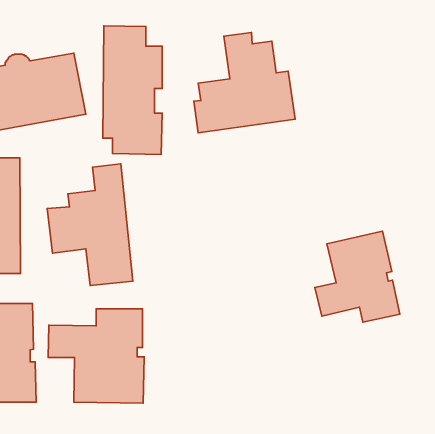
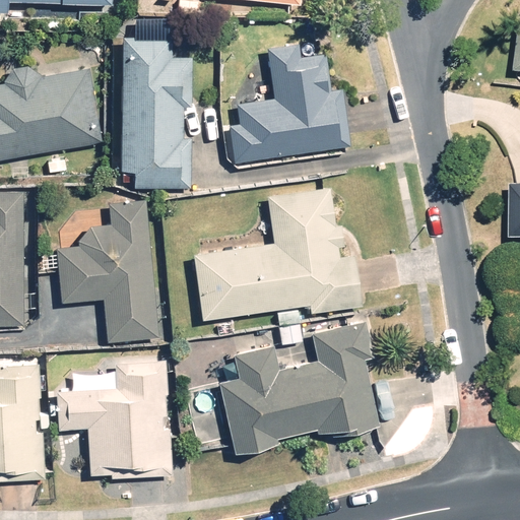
building: none -> [195,187,363,319]
building: [315,231,400,322] -> none
building: none -> [219,324,379,455]

